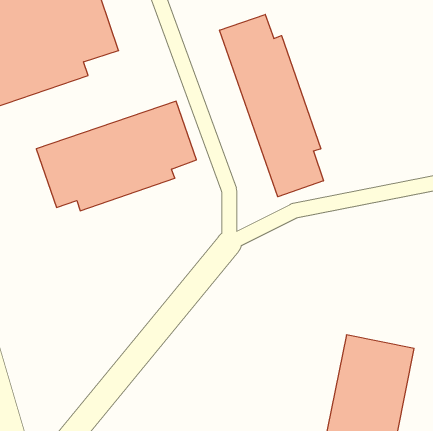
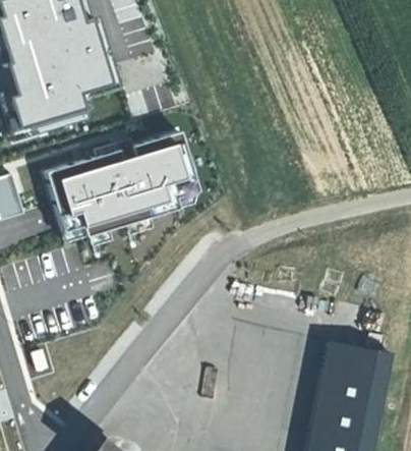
building: [220,14,323,197] -> none

